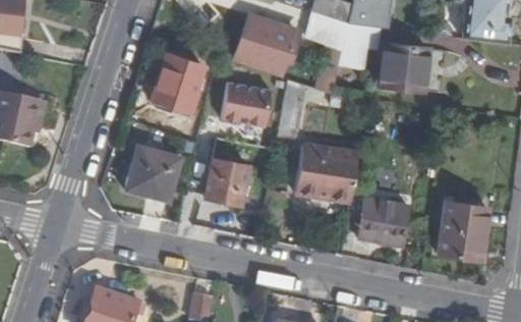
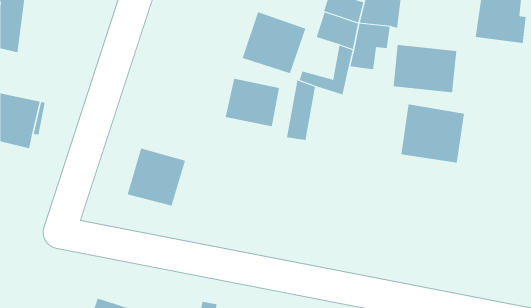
building: [152,53,202,114] -> none
building: [296,144,358,201] -> [401,104,465,163]
building: [207,157,248,204] -> none
building: [358,197,410,247] -> none
building: [439,201,488,260] -> none

